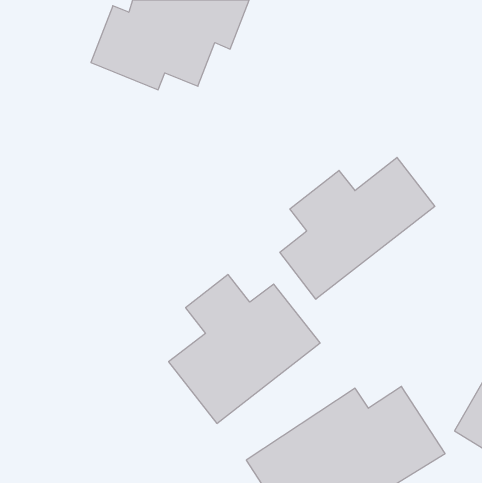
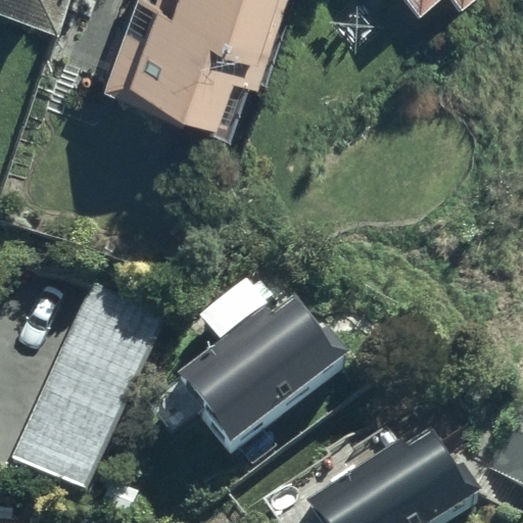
building: [280,157,435,299] -> none
building: none -> [11,280,169,493]

